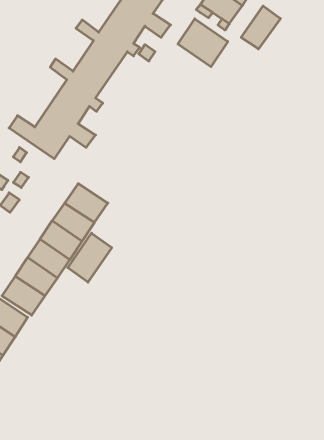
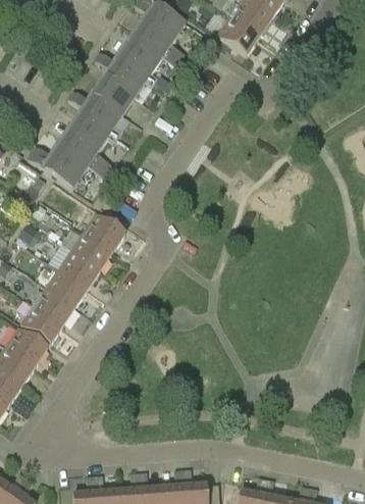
building: [241,6,280,49] -> none
building: [178,19,228,67] -> none
building: [68,233,112,282] -> none

